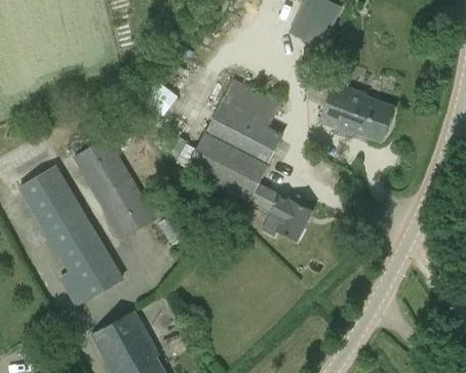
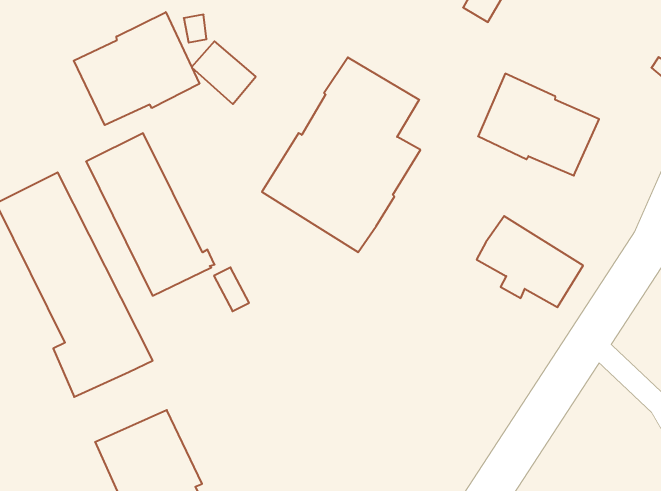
building: none -> [74,12,199,125]
building: [243,184,311,240] -> [477,216,583,307]

